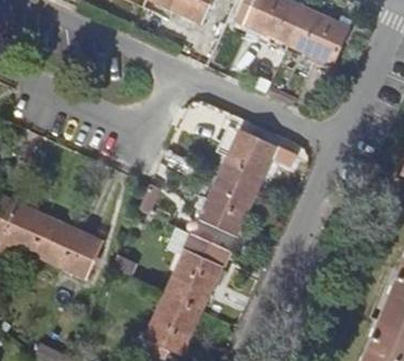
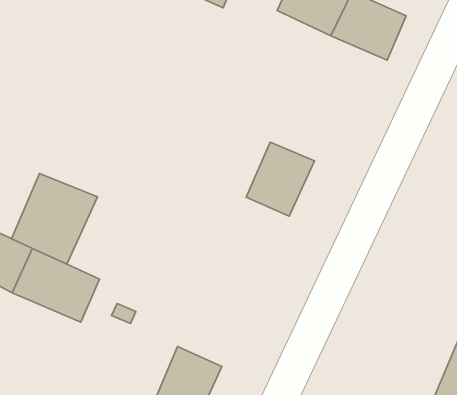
building: none -> [11,174,97,264]
building: [201,174,255,235] -> none
building: [165,233,229,311] -> none

